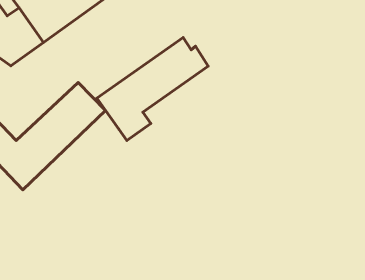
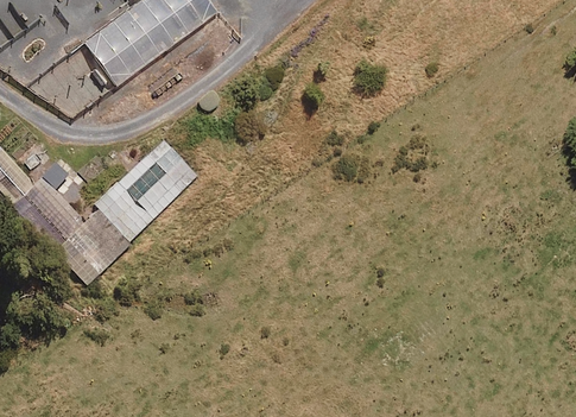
building: [97,37,208,141] -> none

